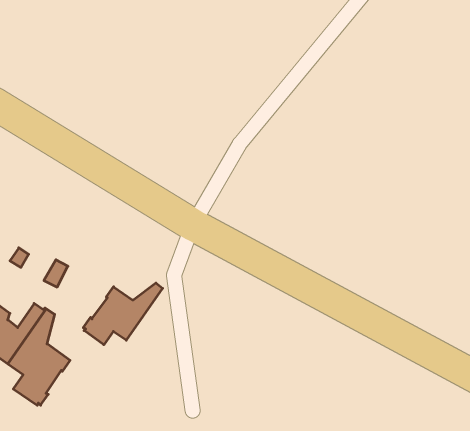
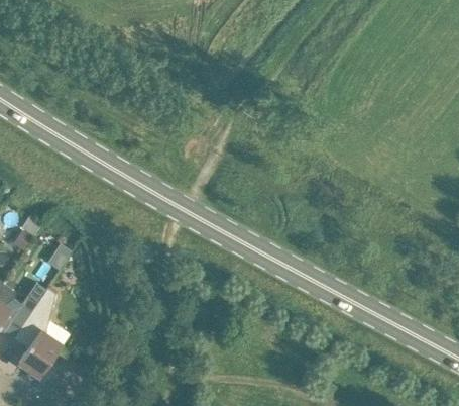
building: [83,283,163,345] -> none

